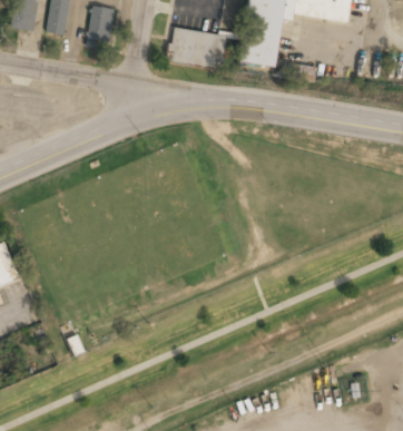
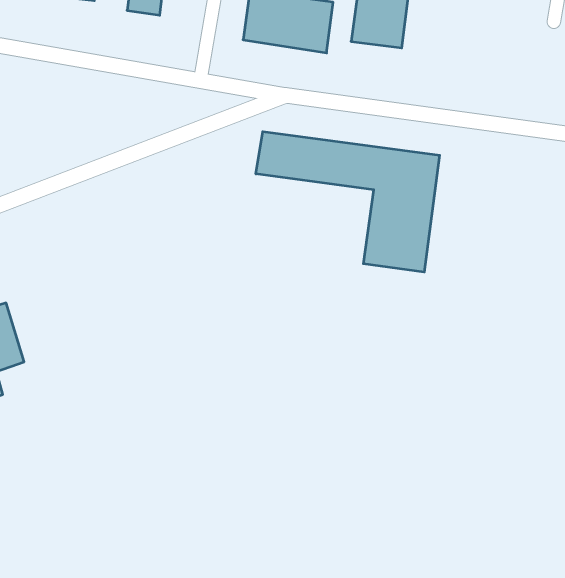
building: none -> [256,132,440,272]

